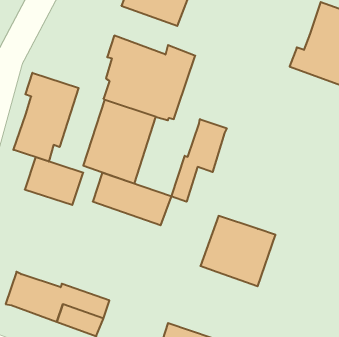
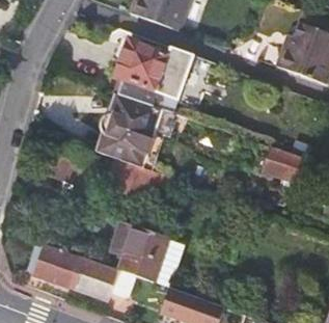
building: [13,73,79,162] -> none
building: [171,119,227,202] -> none
building: none -> [262,145,307,183]
building: [200,216,276,286] -> [118,225,184,287]

